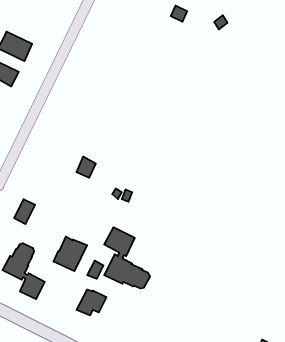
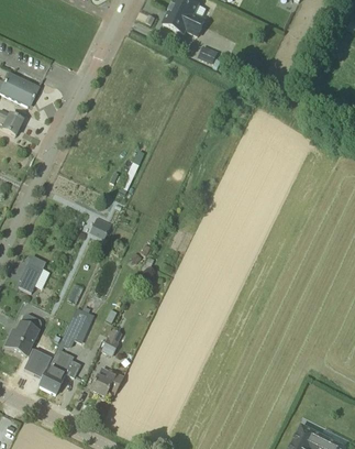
building: [104,227,150,289] -> none
building: none -> [38,349,79,393]

